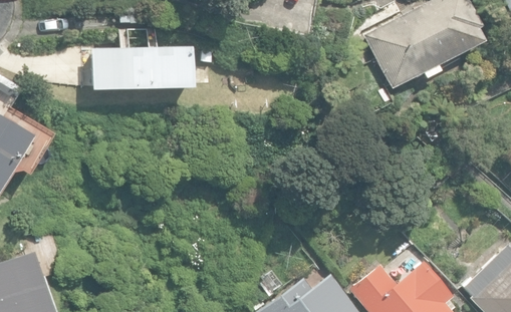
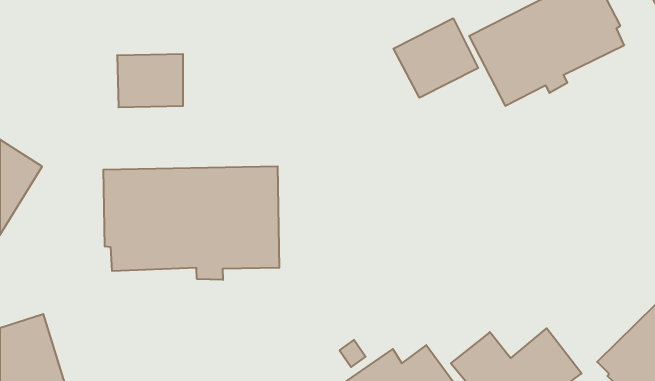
building: none -> [393,18,478,98]
building: [143,47,194,88] -> none
building: none -> [103,166,279,280]

